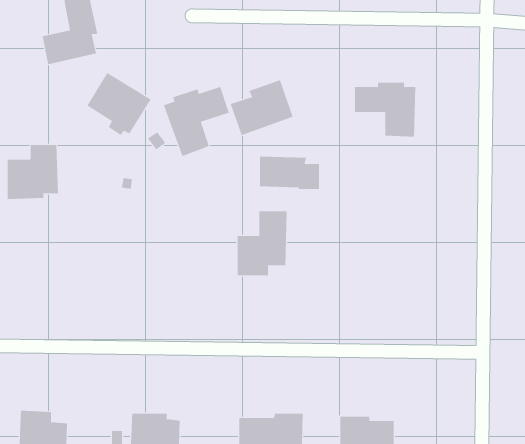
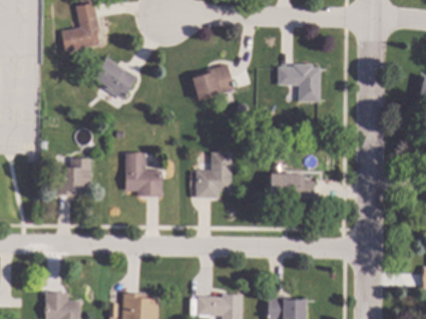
building: [163,86,229,157] -> none
building: [7,145,59,200] -> [55,156,91,195]
building: [259,156,320,189] -> [272,176,314,199]
building: none -> [125,152,162,197]

